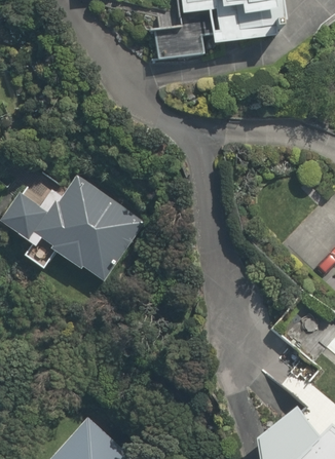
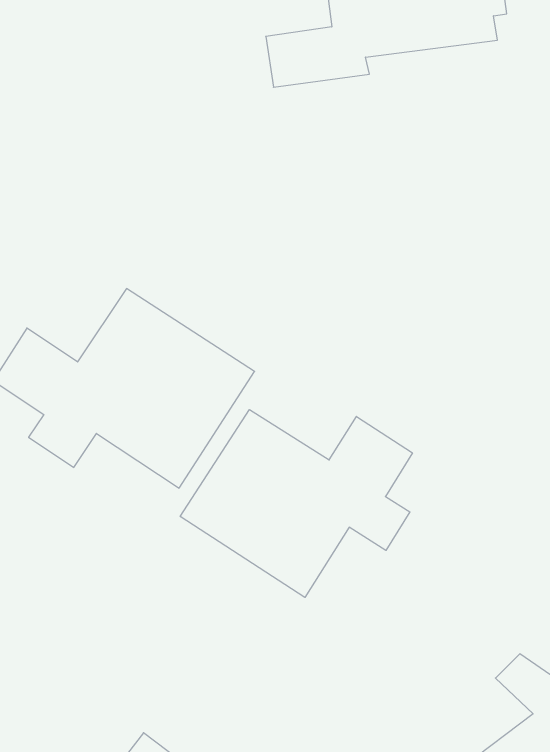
building: none -> [180,410,412,597]

